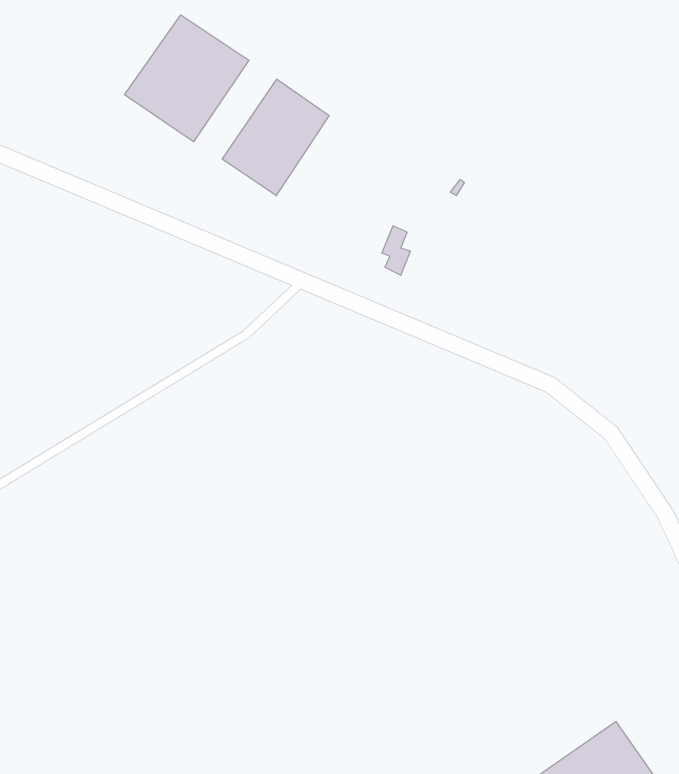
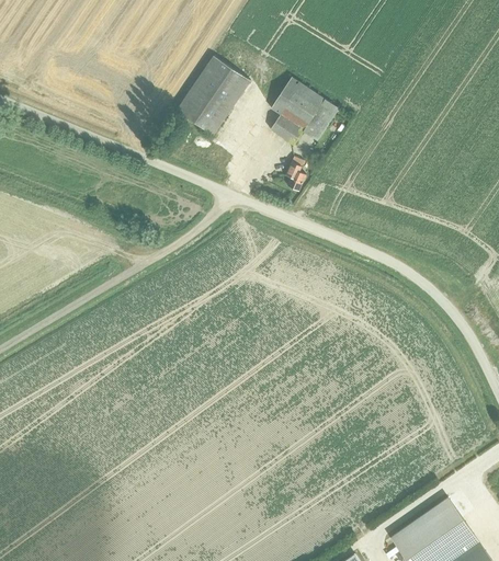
building: [125,15,249,142] -> none
building: none -> [271,76,340,145]

